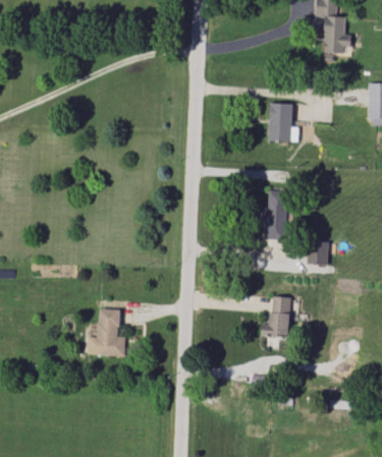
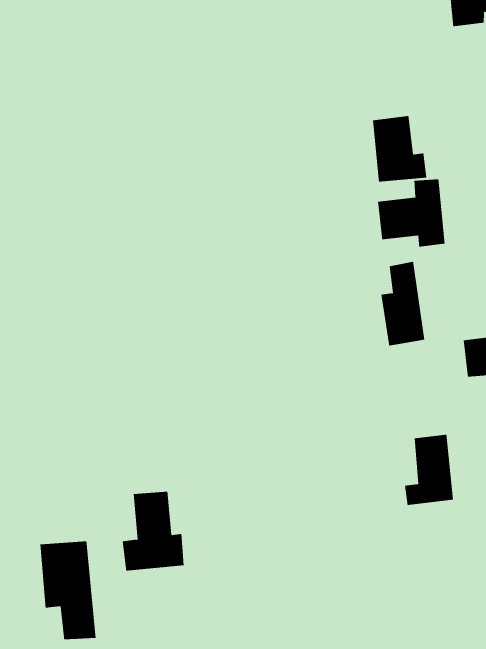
building: none -> [377,179,445,248]
building: none -> [40,541,96,640]

